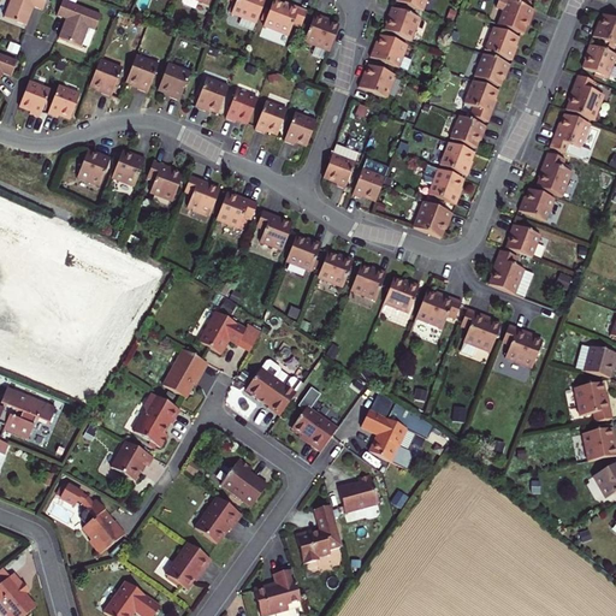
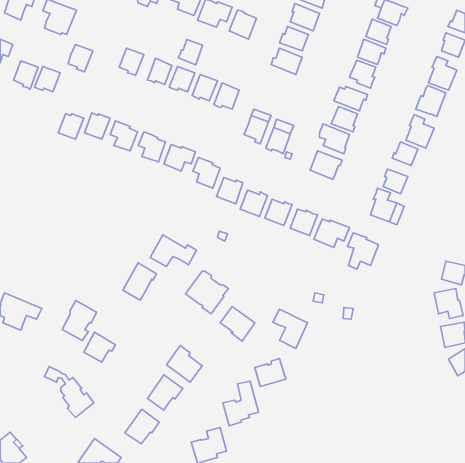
building: none -> [178,40,202,65]
building: [126,54,159,91] -> none
building: [502,324,543,367] -> none
building: [134,392,179,445] -> [62,301,97,341]

